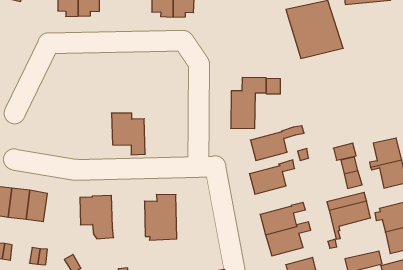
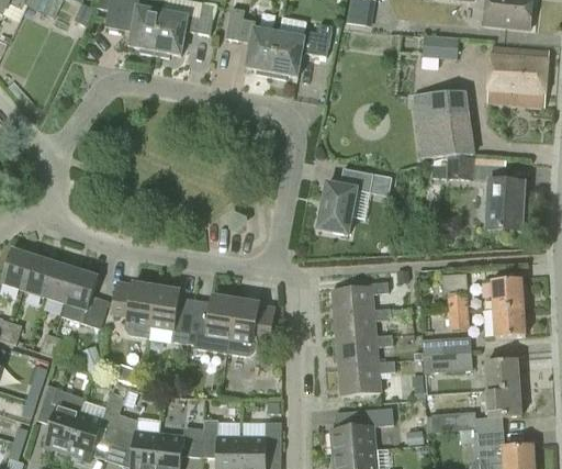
building: none -> [430,156,524,230]
building: [111,113,145,155] -> [149,284,194,343]
building: [250,126,304,160] -> [333,308,401,340]
building: none -> [65,268,108,328]
building: none -> [226,298,276,356]

